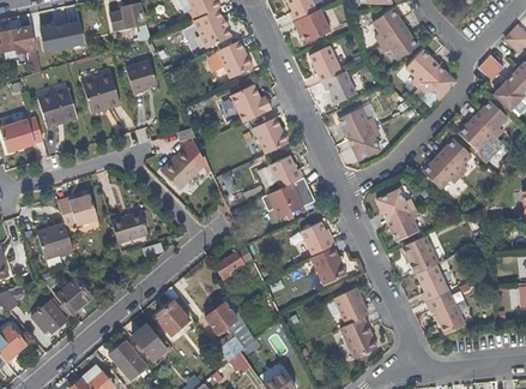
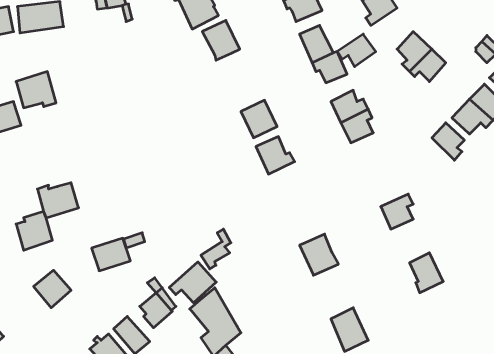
building: [379,28,416,59] -> [337,34,376,67]
building: [126,61,157,94] -> none
building: [81,74,119,115] -> none
building: [231,83,272,121] -> none
building: [161,150,206,194] -> none
building: [419,152,459,188] -> none
building: [262,175,315,220] -> none
building: [379,190,415,219] -> none
building: [111,213,149,244] -> [92,238,130,271]
building: [301,219,337,255] -> none
building: [400,234,439,273] -> none
building: none -> [169,262,216,303]
building: [333,287,367,324] -> none
building: [425,291,464,334] -> none
building: [31,298,66,334] -> none

